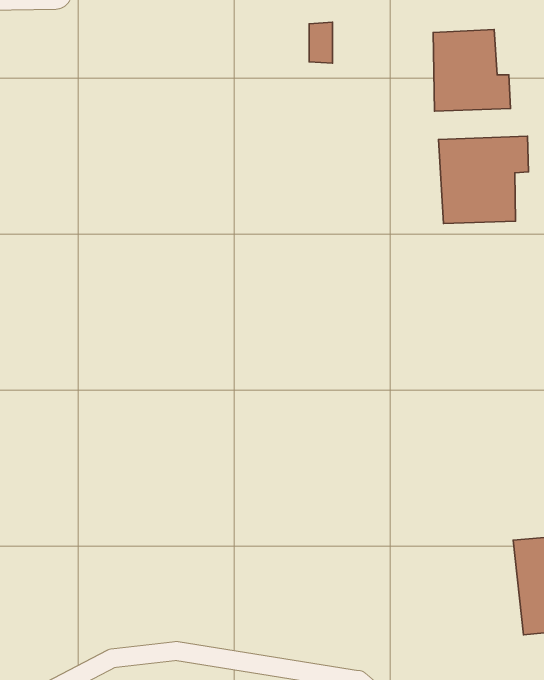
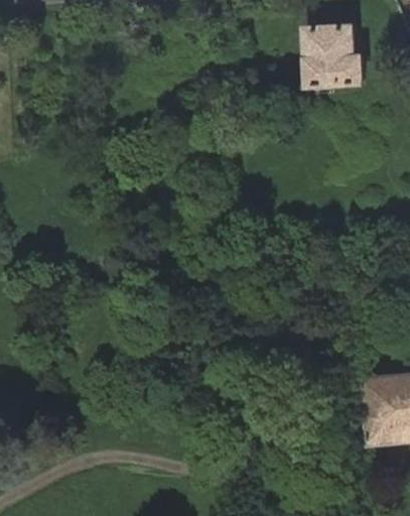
building: [439,136,529,223] -> none

